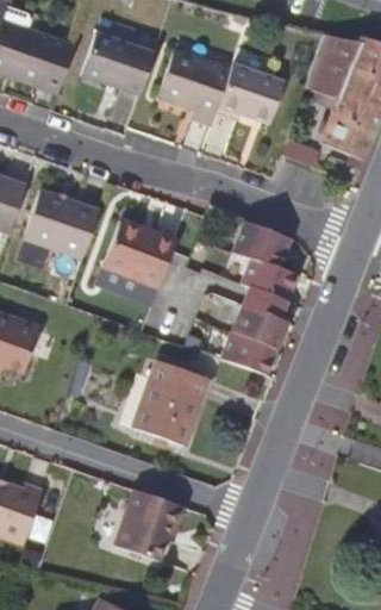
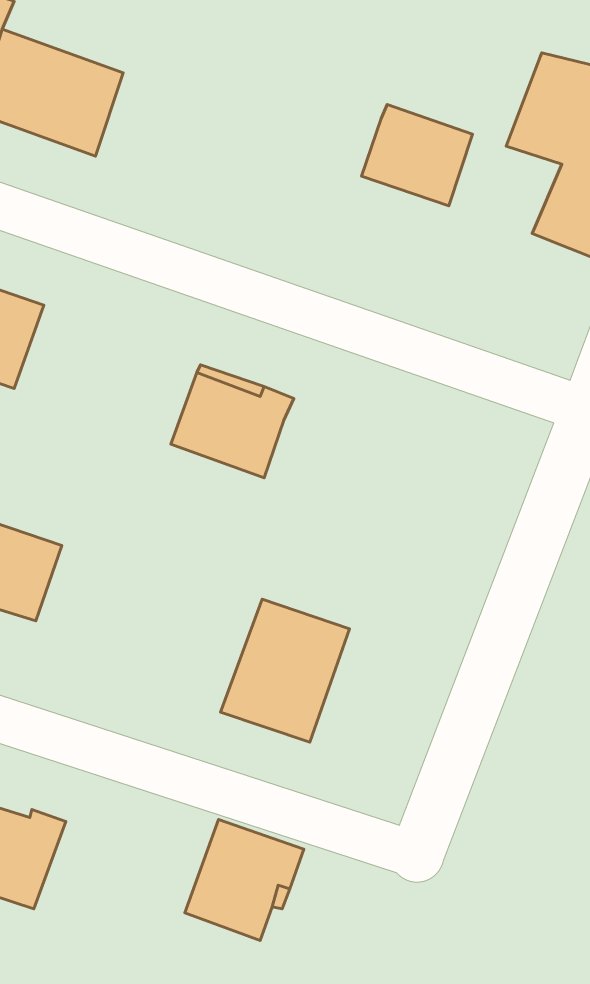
building: [81,32,155,95] -> none
building: [157,51,230,125] -> none
building: [23,188,100,259] -> none
building: [221,220,298,375] -> none

